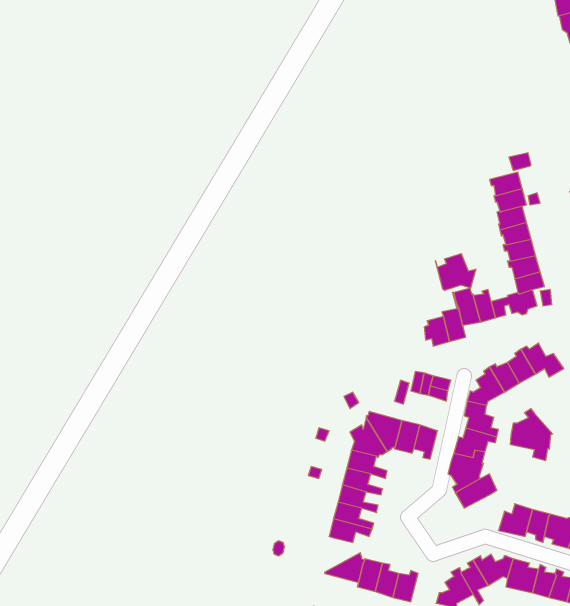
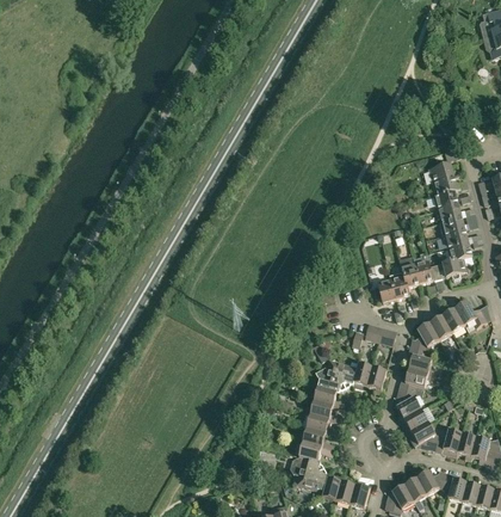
building: [435,254,476,291] -> none
building: [511,409,553,461] -> none
building: none -> [407,421,439,450]
building: none -> [290,455,323,484]

